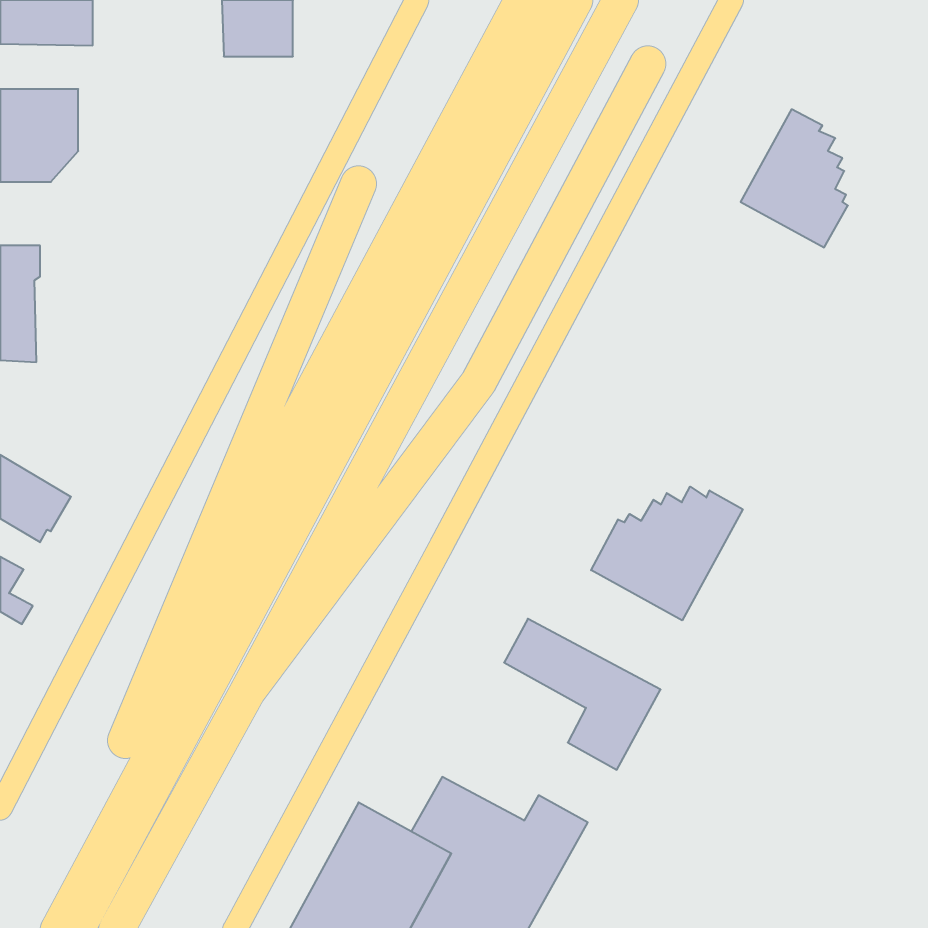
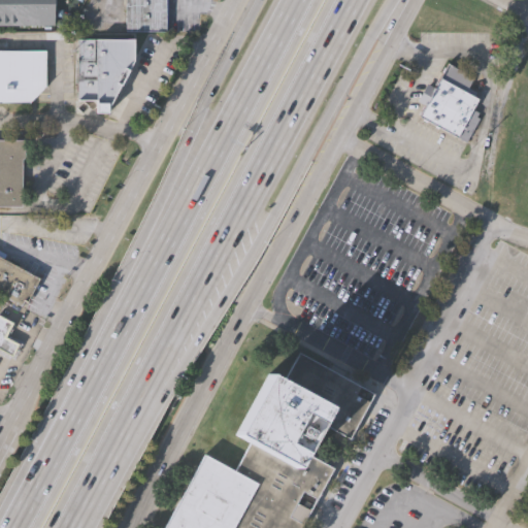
building: none -> [76,40,132,113]
building: [591,487,743,620] -> none
building: none -> [237,368,333,466]

